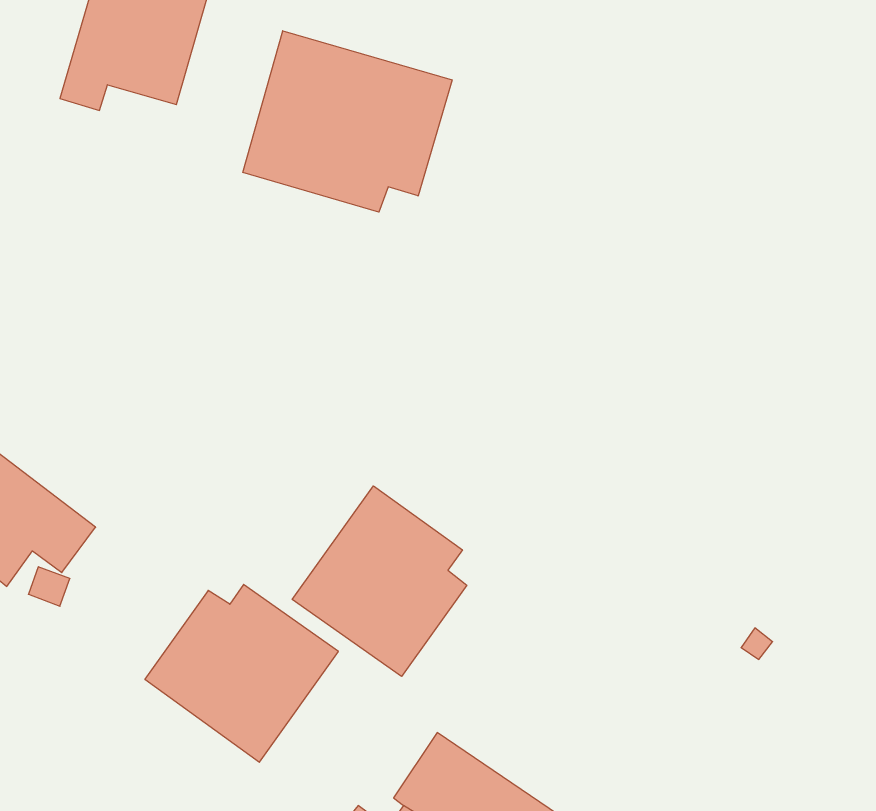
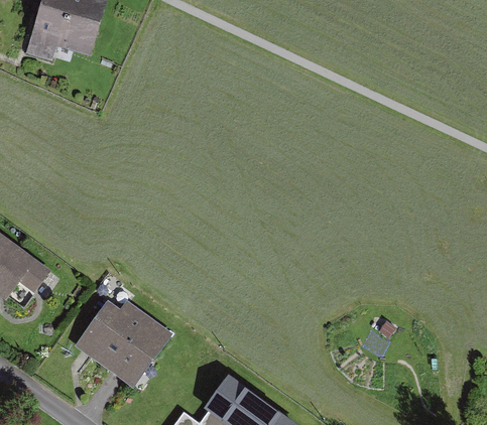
building: [243,31,452,212] -> none
building: [292,486,467,676] -> none

